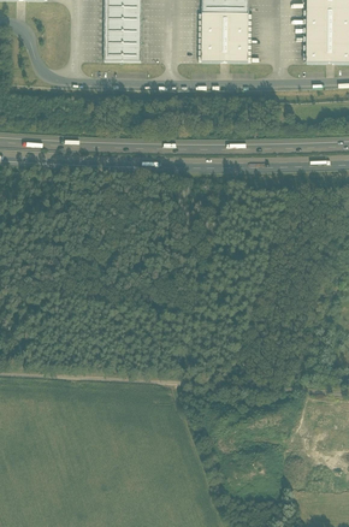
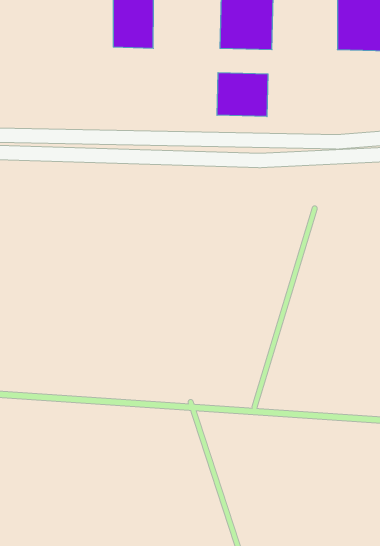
building: none -> [217,73,268,117]

